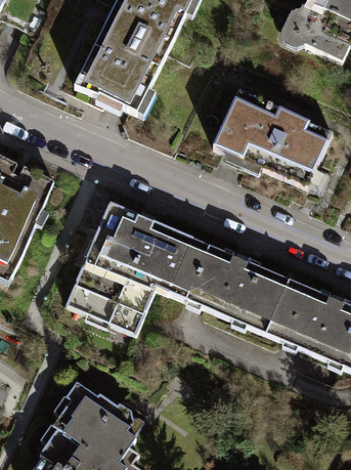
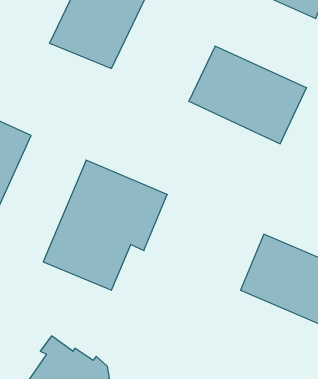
building: [169,240,290,336] -> none

